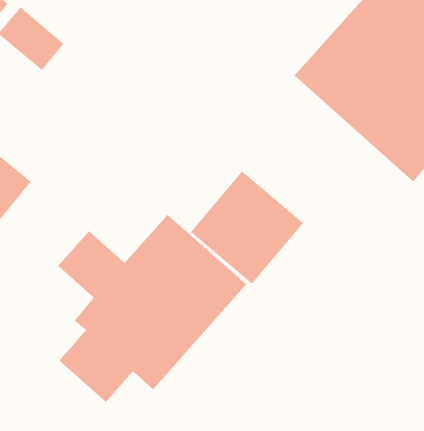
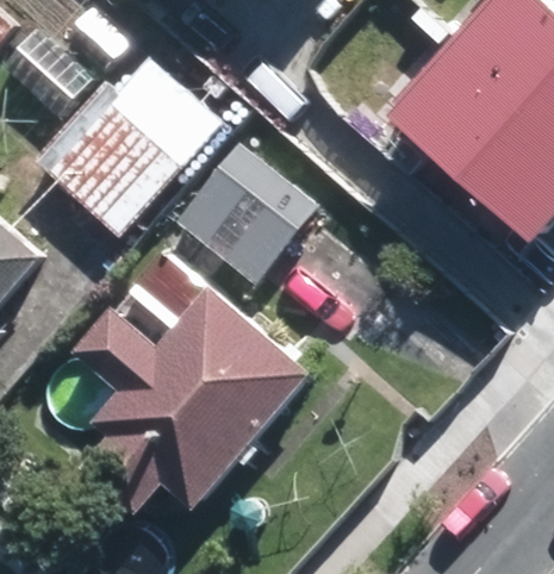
building: none -> [41,48,225,236]
building: [190,171,304,285] -> [179,142,320,283]

